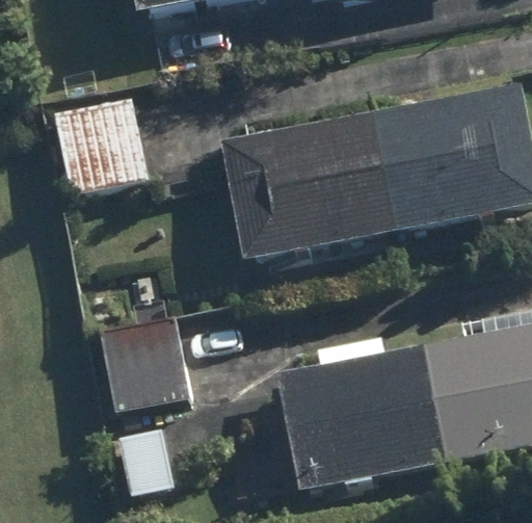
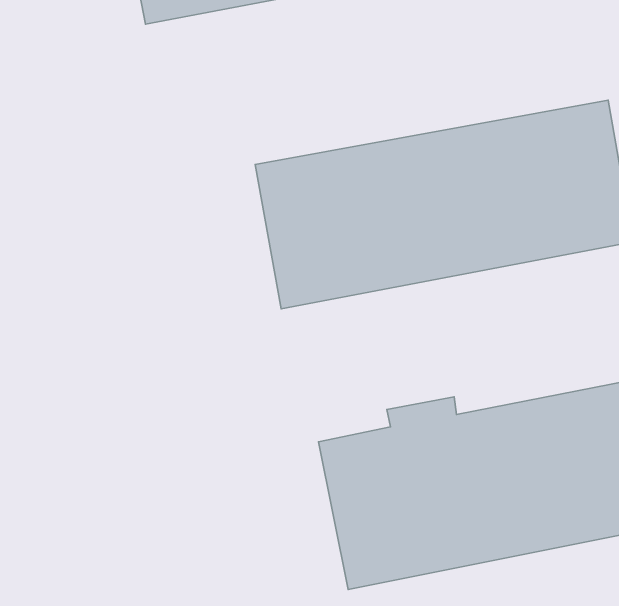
building: [52,98,151,201] -> none
building: [96,314,196,420] -> none

